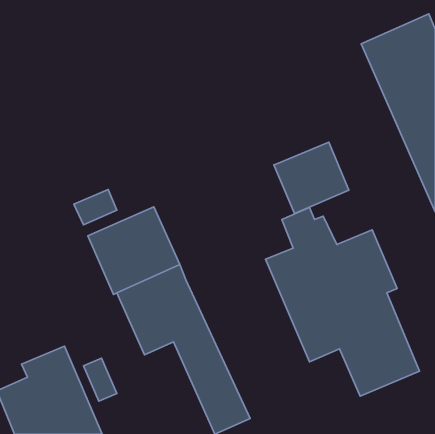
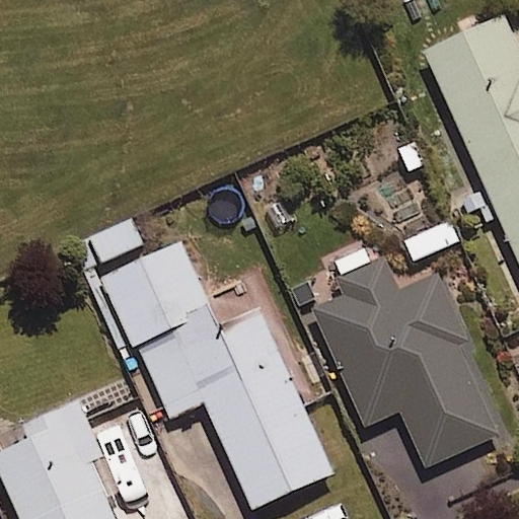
building: [274,142,349,213] -> none
building: none -> [219,311,333,493]

